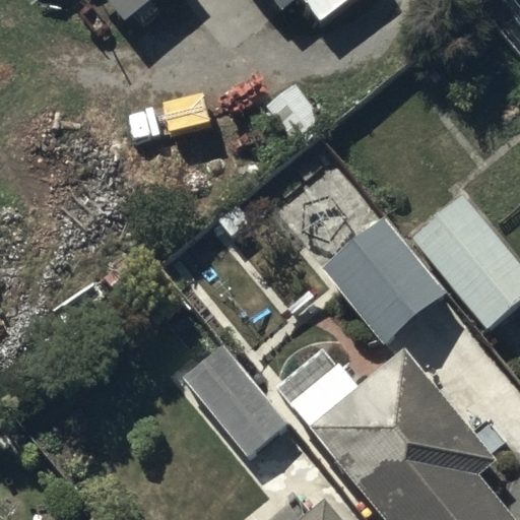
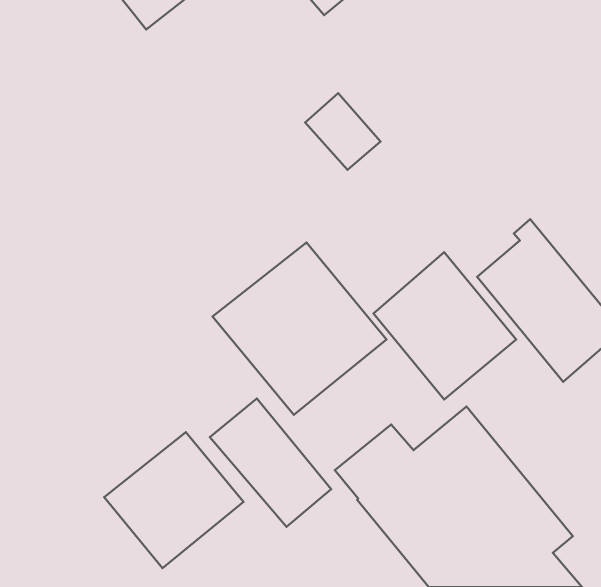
building: none -> [213,242,386,415]
building: none -> [104,432,244,568]

